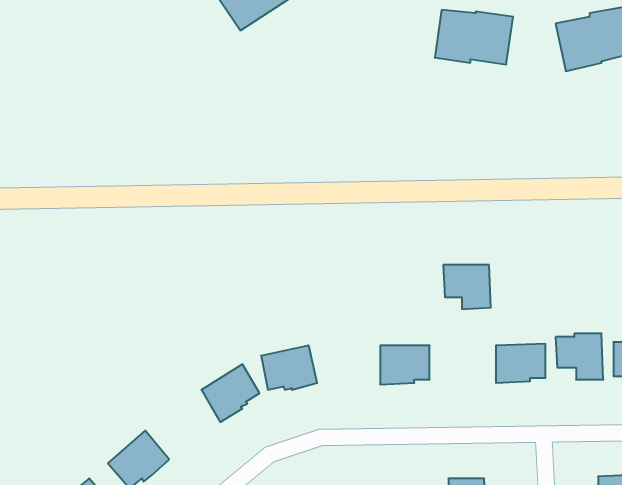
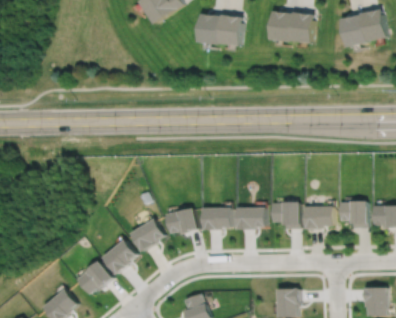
building: none -> [197,15,243,47]
building: [443,265,491,309] -> [272,204,300,230]
building: none -> [203,210,232,232]
building: none -> [105,241,138,273]

